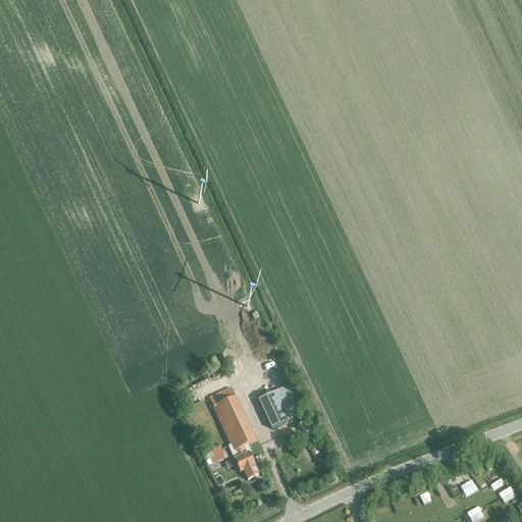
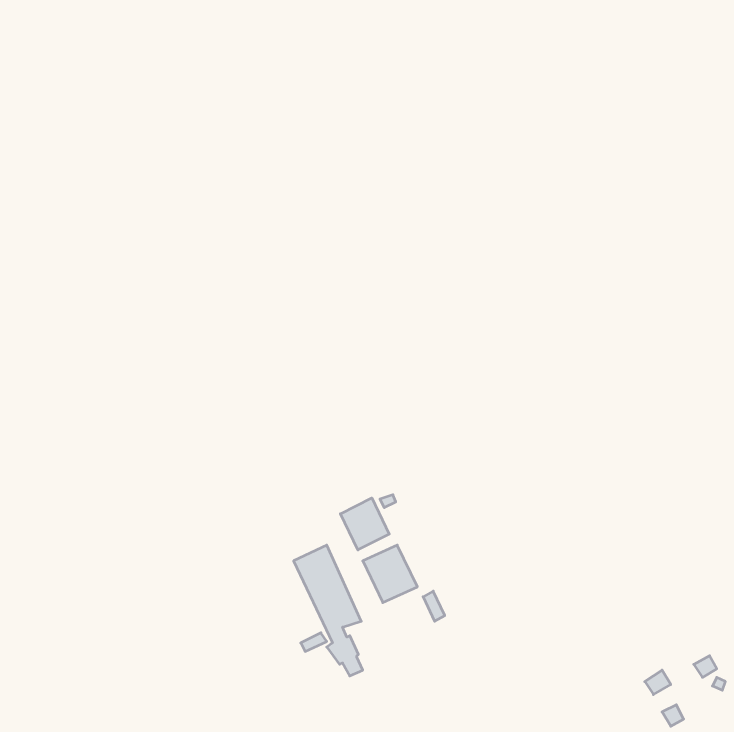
building: none -> [340,498,389,550]

